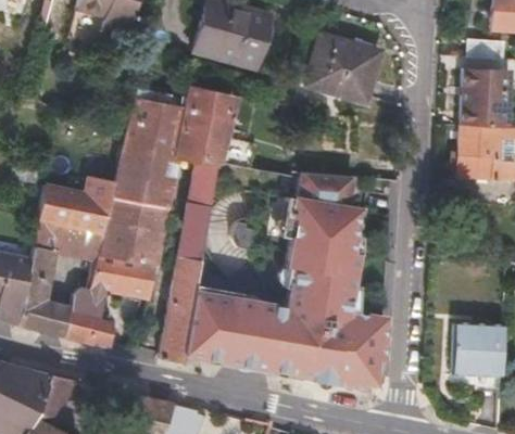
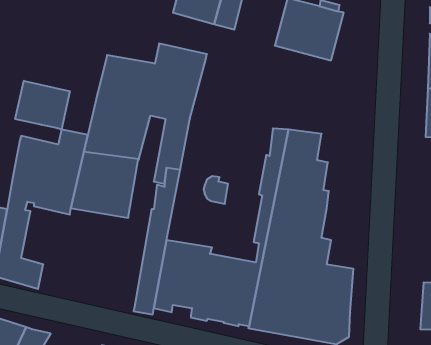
building: none -> [15,81,70,129]
building: [64,253,156,347] -> none

